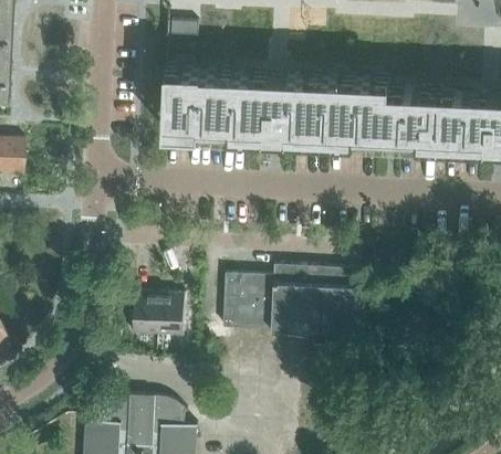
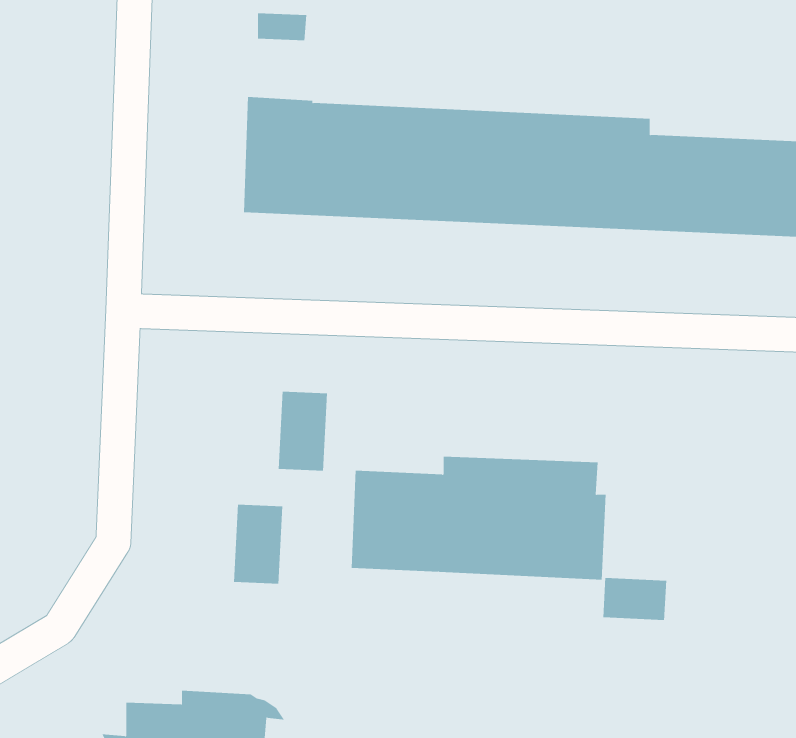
building: [132,297,159,341] -> [278,391,328,471]
building: none -> [603,577,667,621]

